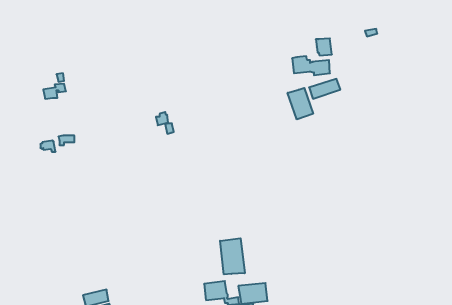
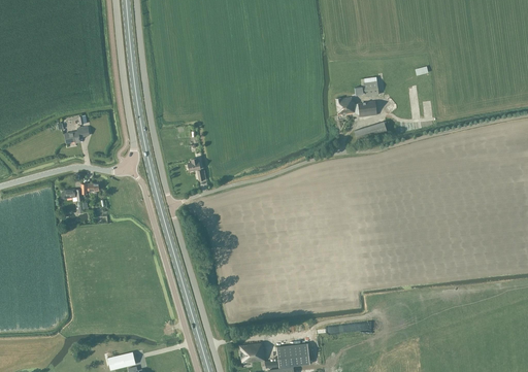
building: [288,88,313,119] -> none
building: [220,238,245,274] -> none

